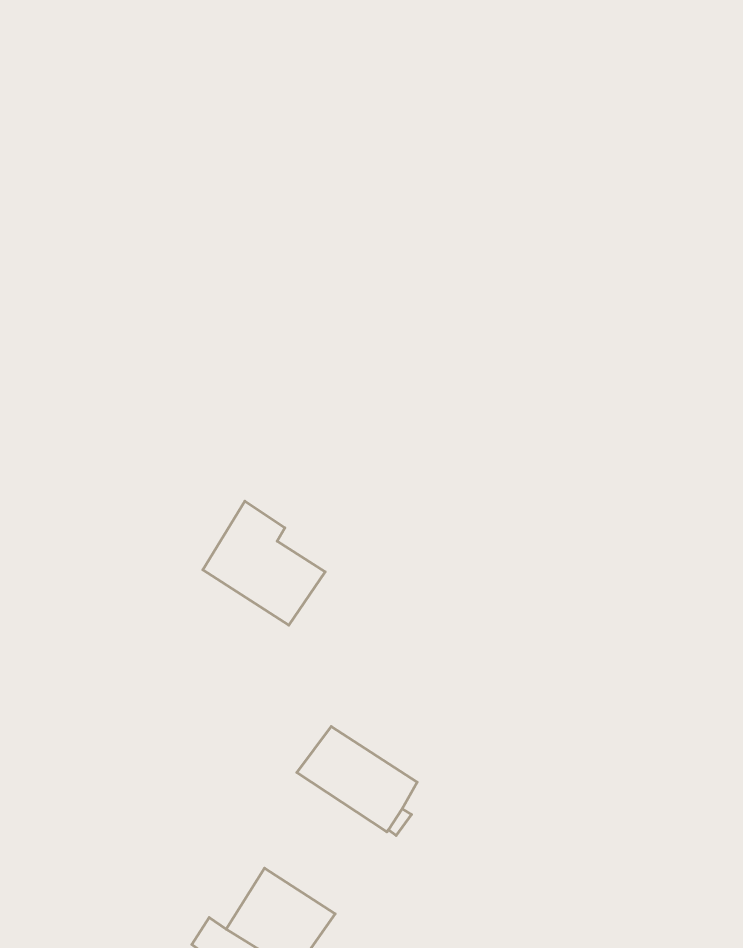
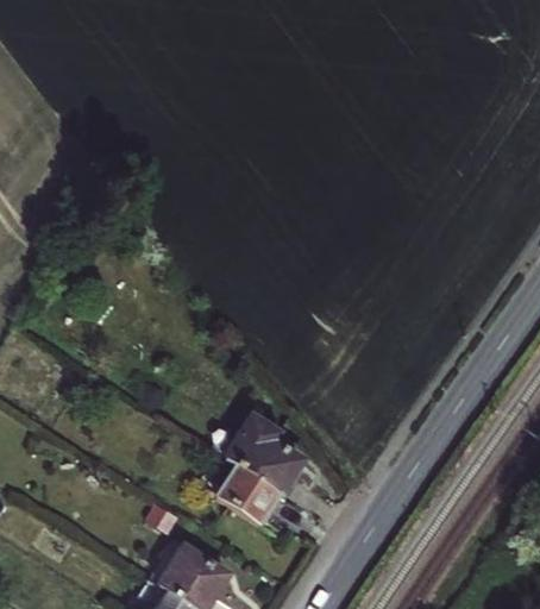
building: [203,501,325,625] -> [228,415,304,492]

